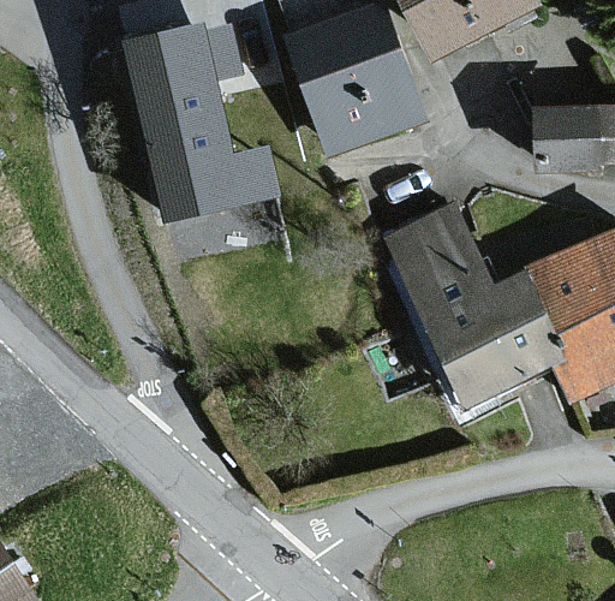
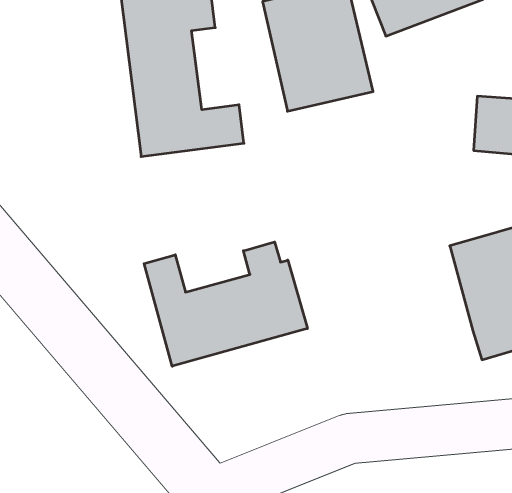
building: [389,210,553,404] -> none
building: none -> [144,242,307,366]

